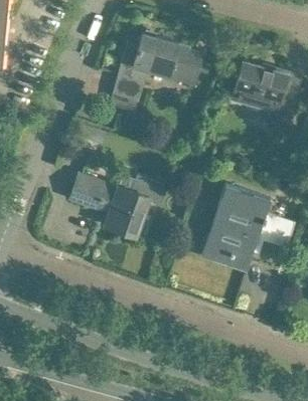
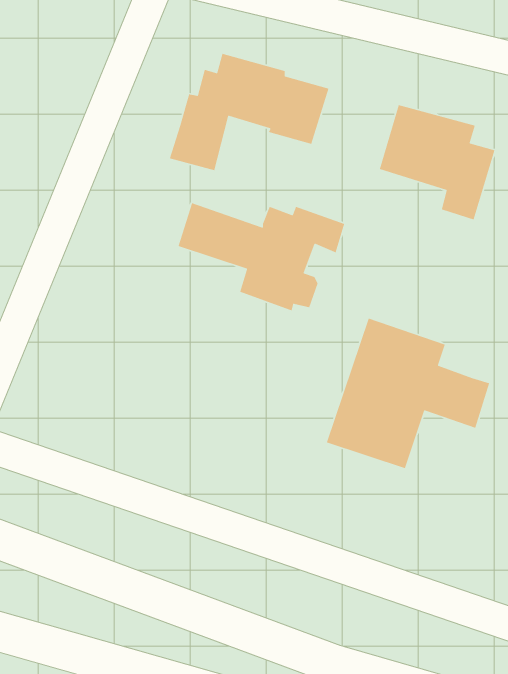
building: [70,174,166,236] -> [177,202,345,312]

